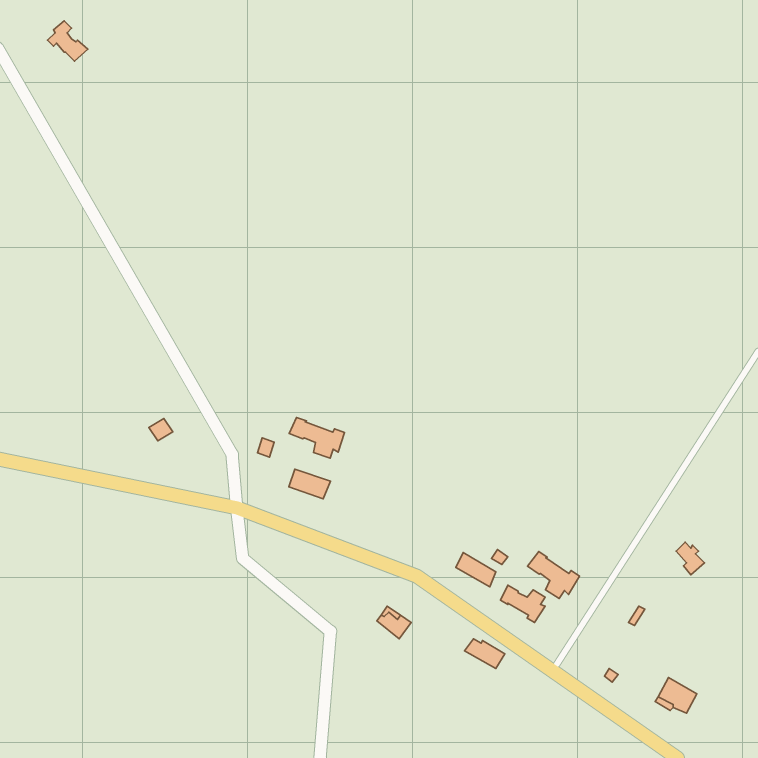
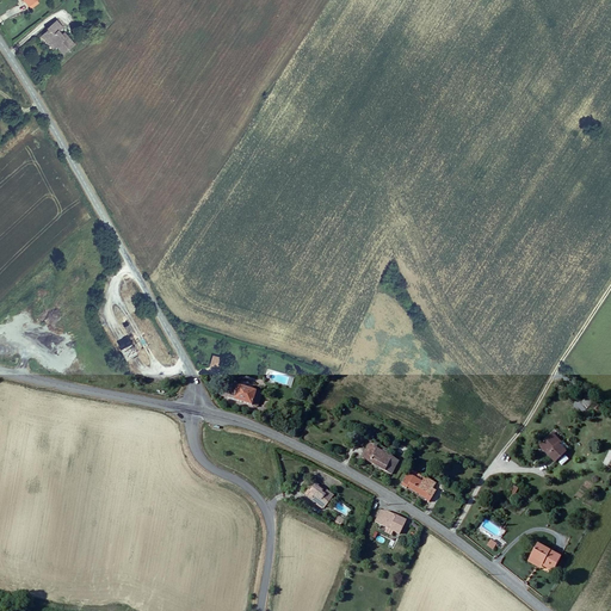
building: [289,417,345,458] -> none
building: [528,552,580,599] -> none

